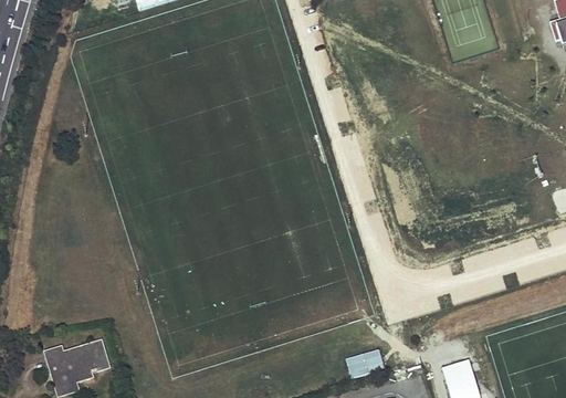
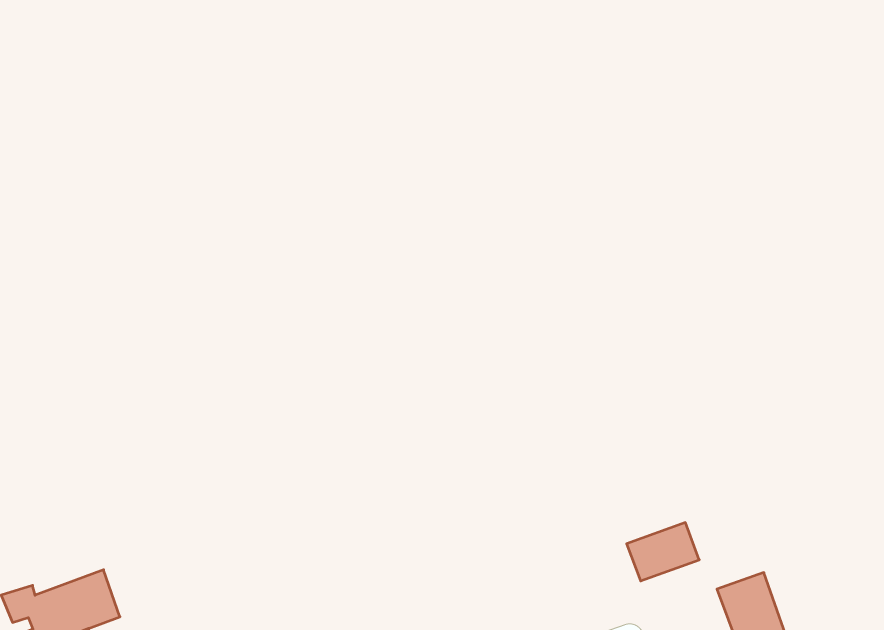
building: [344,348,384,379] -> [627,523,699,581]

